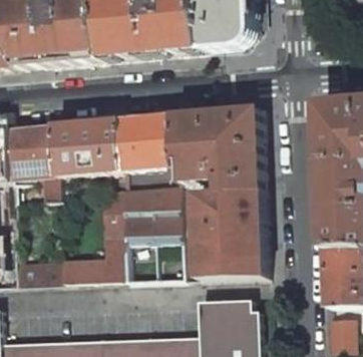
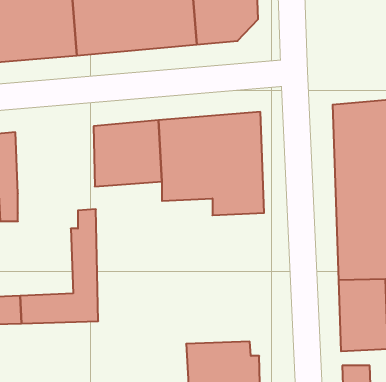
building: [49,119,115,175] -> none
building: [116,185,176,282] -> none
building: [189,192,260,279] -> none

